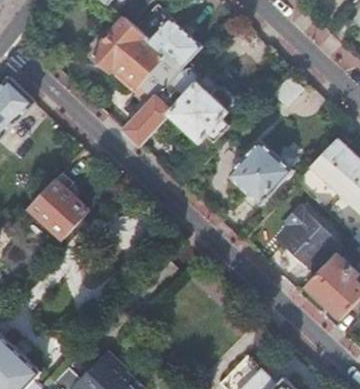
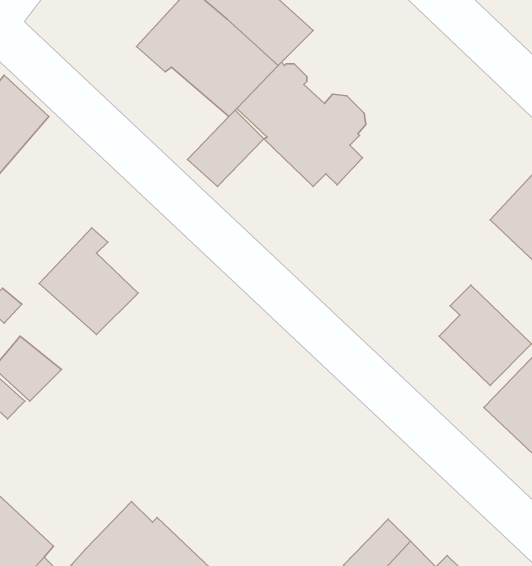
building: [226,140,291,205] -> none

